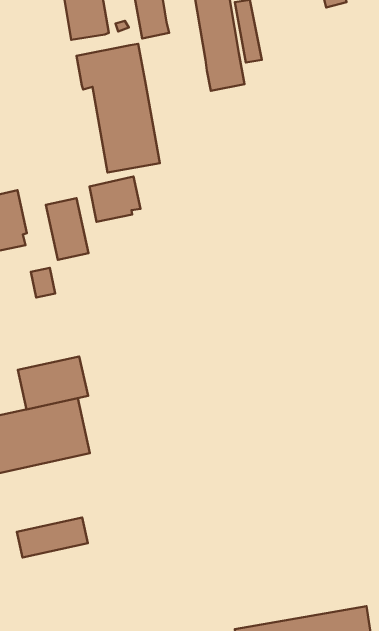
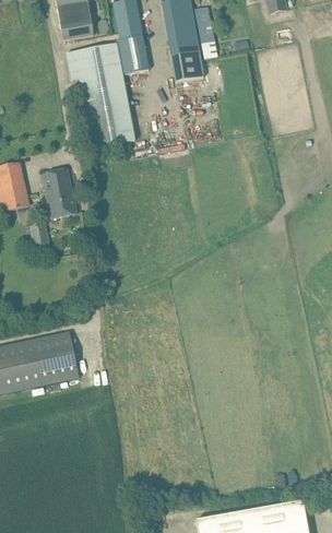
building: none -> [116,34,149,73]
building: [90,177,141,222] -> none
building: [18,357,88,409] -> none
building: [17,517,88,558] -> none

